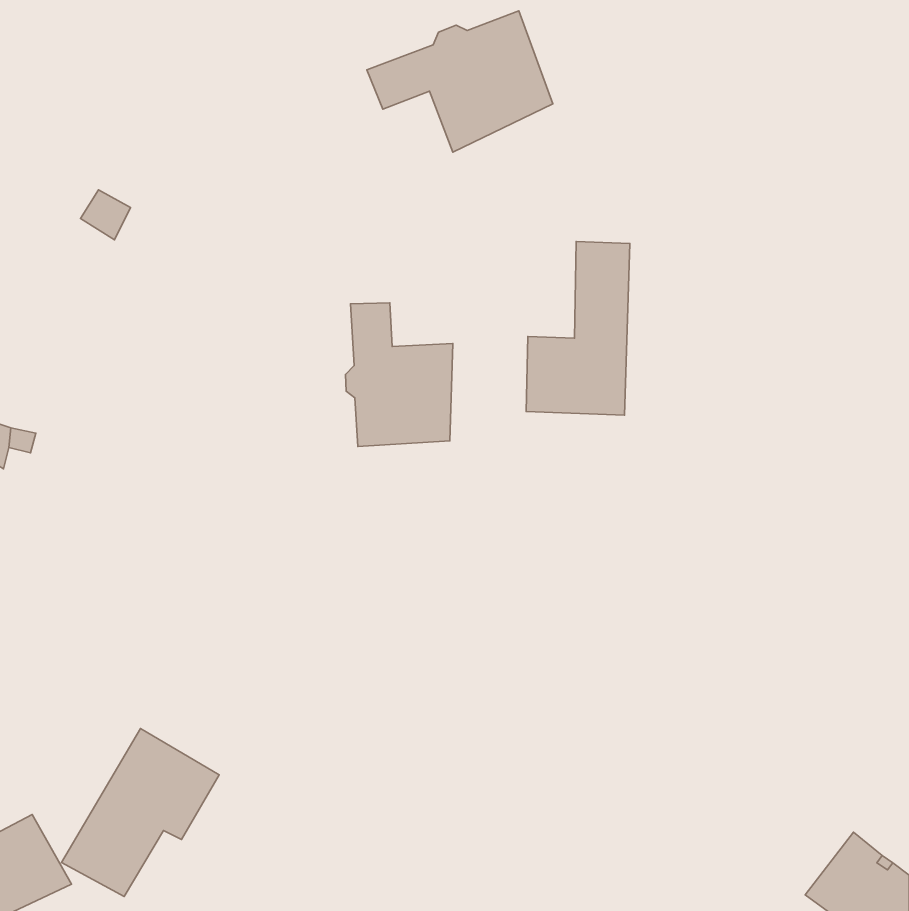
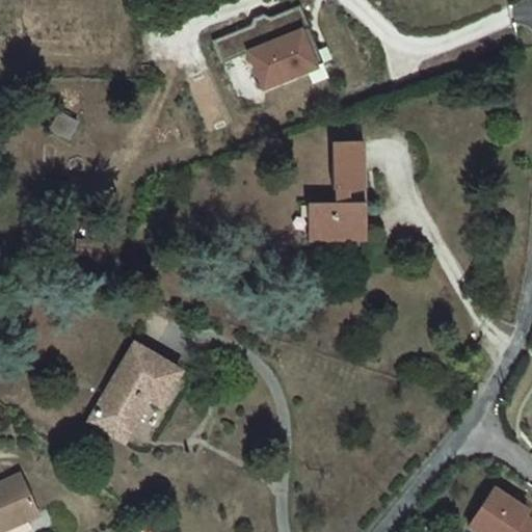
building: [346,303,453,446] -> none
building: [62,728,219,897] -> [87,343,179,441]

